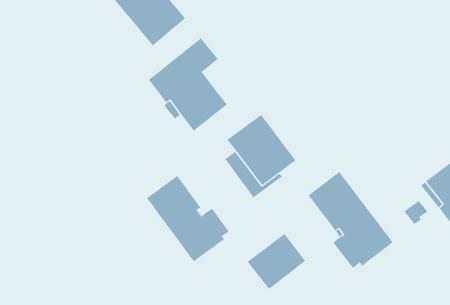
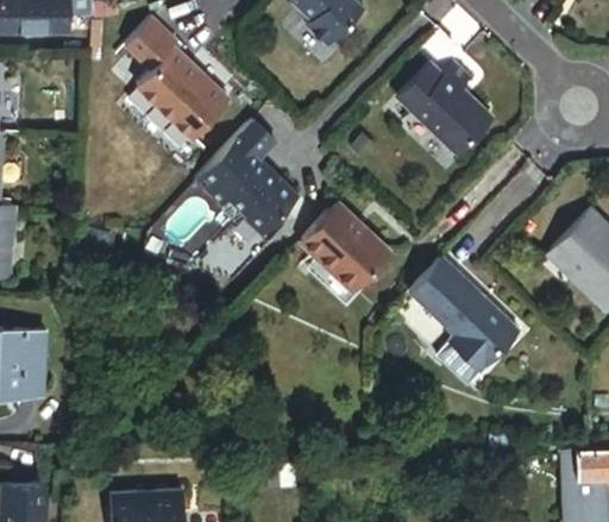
building: none -> [398,64,496,156]
building: [146,175,230,262] -> none
building: [247,233,306,290] -> none

